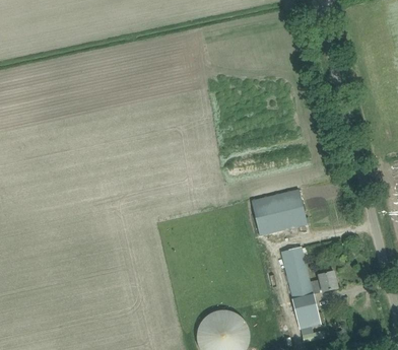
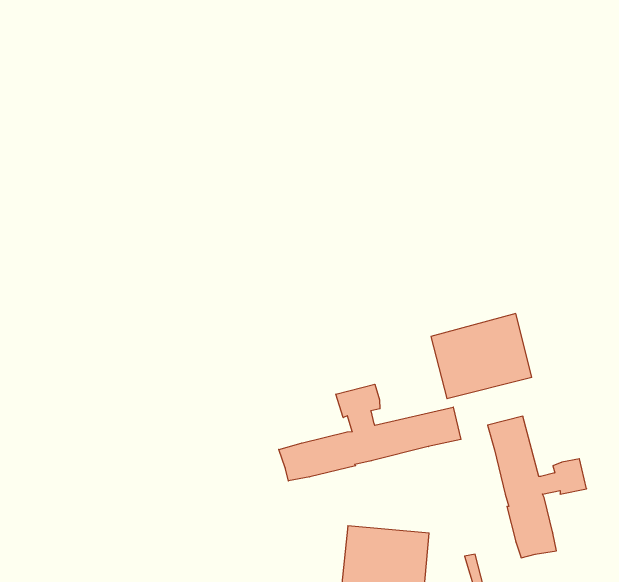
building: none -> [279,384,461,481]

